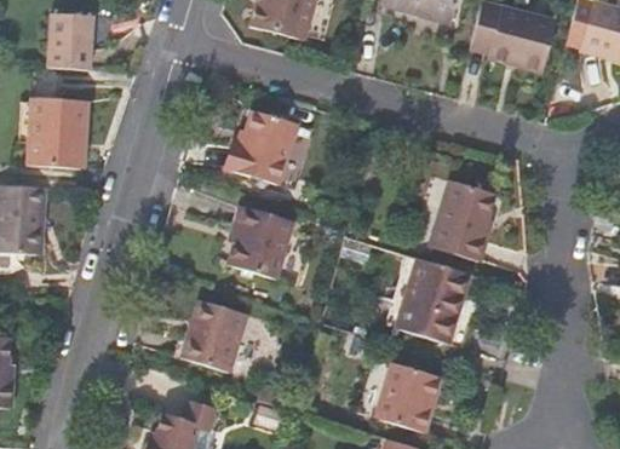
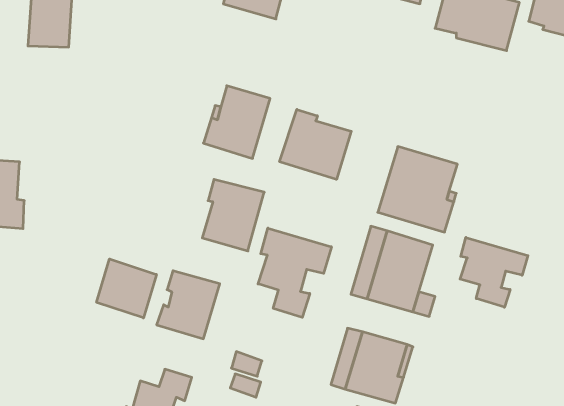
building: [28,97,87,169] -> none
building: none -> [280,109,351,179]
building: none -> [258,228,331,317]
building: none -> [460,237,528,307]
building: none -> [97,259,156,318]

